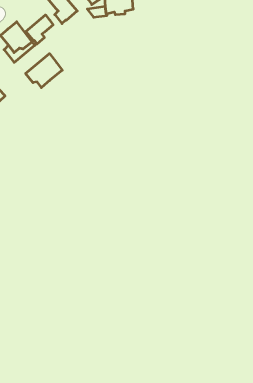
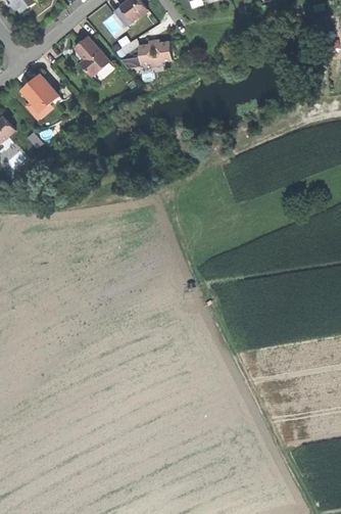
building: [26,15,53,44] -> none
building: [26,54,62,88] -> none

